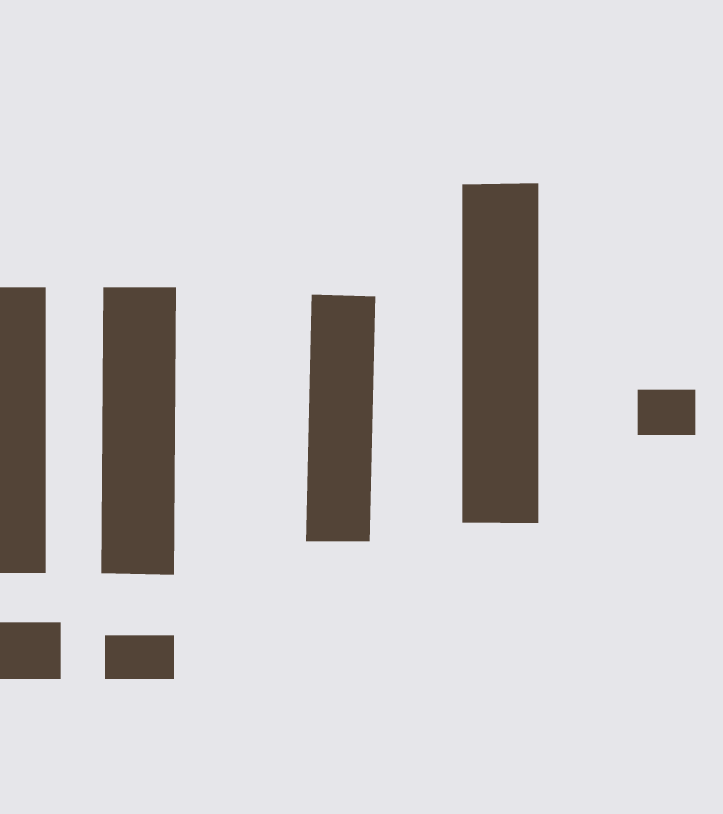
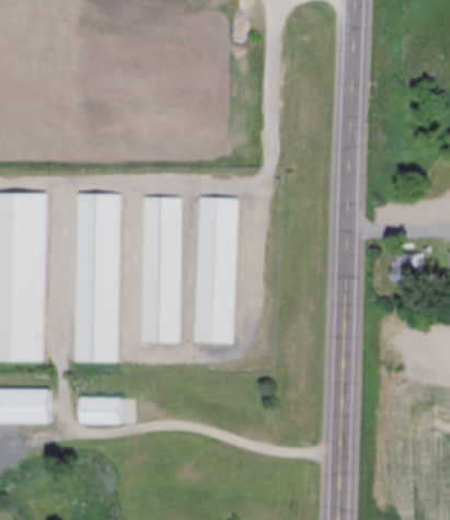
building: [462,182,539,524] -> none
building: none -> [142,196,183,342]

